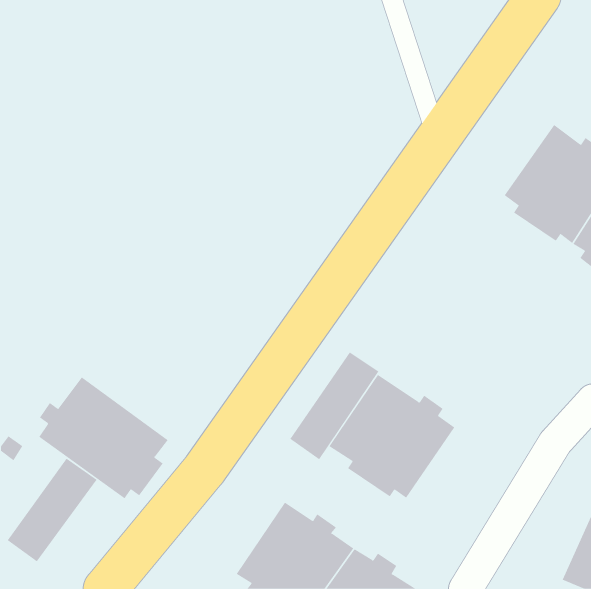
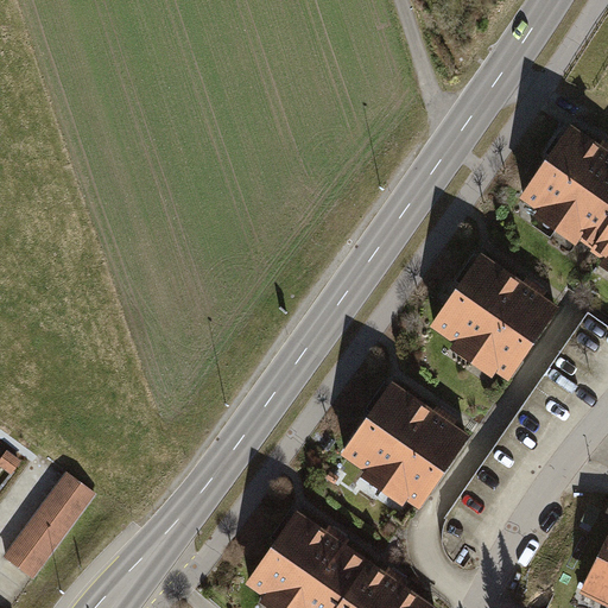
building: none -> [429,253,558,381]
building: [289,351,379,460] -> none
building: [39,376,168,499] -> none

